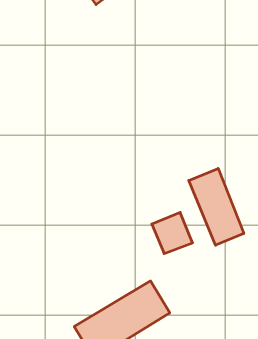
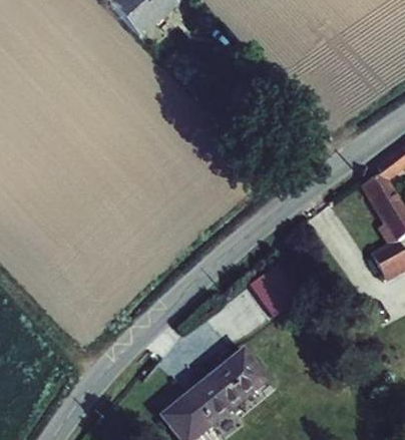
building: [189,168,244,245] -> none

